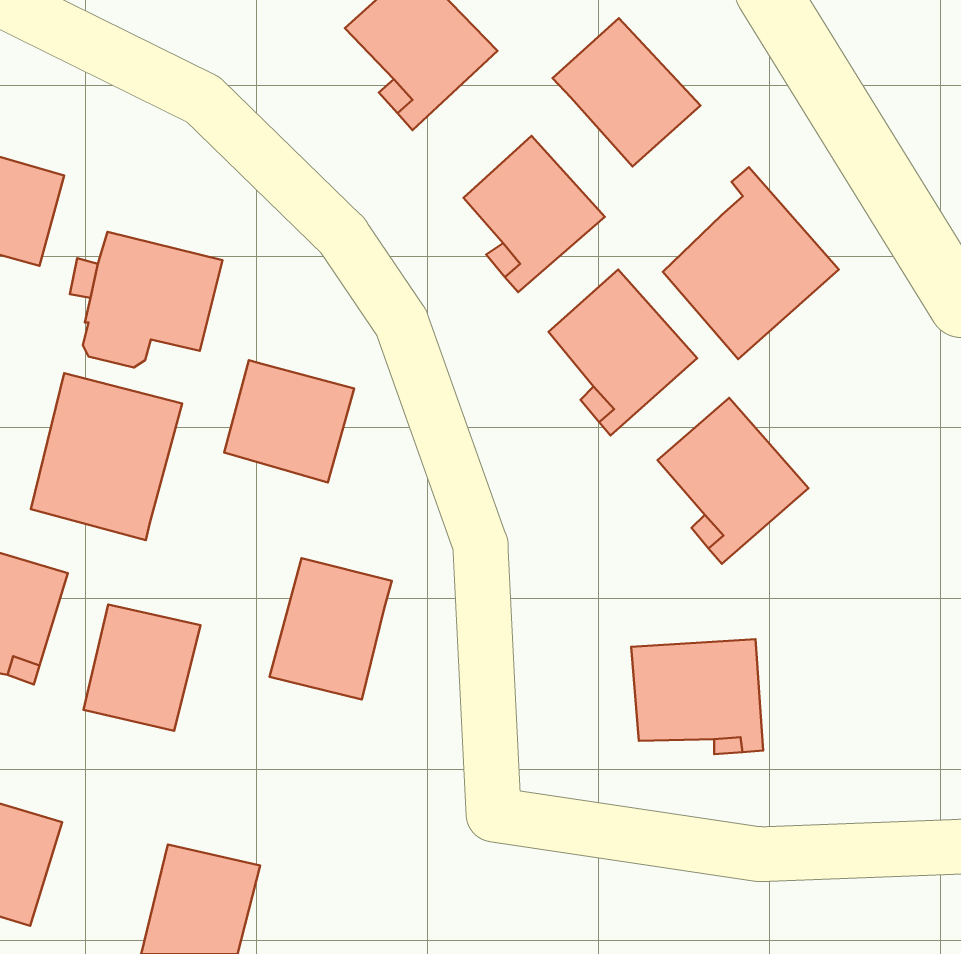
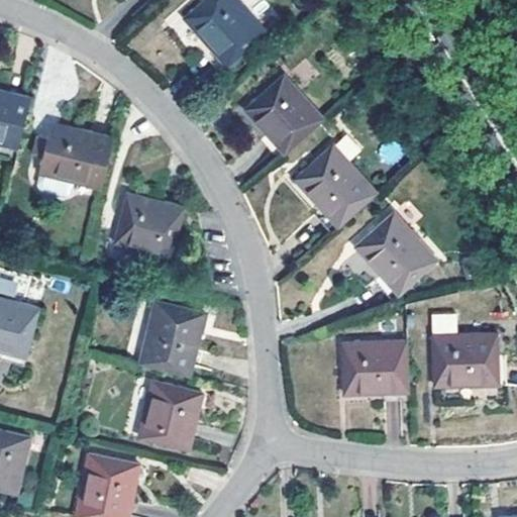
building: [552,18,701,166] -> none
building: [663,167,839,359] -> none
building: [31,373,182,540] -> none
building: none -> [430,316,498,388]
building: [84,604,200,731] -> [137,383,200,450]

